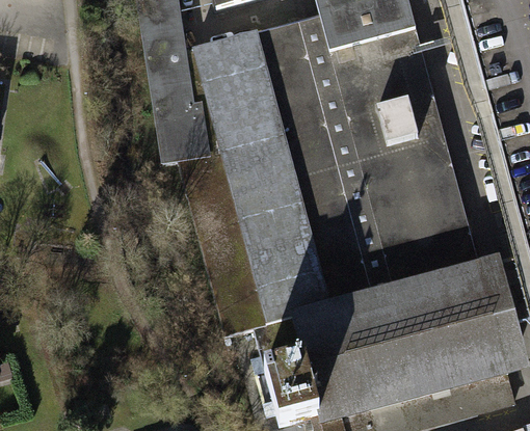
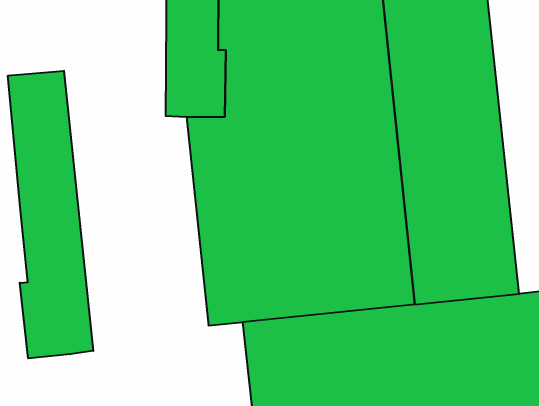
building: none -> [8,71,93,358]

